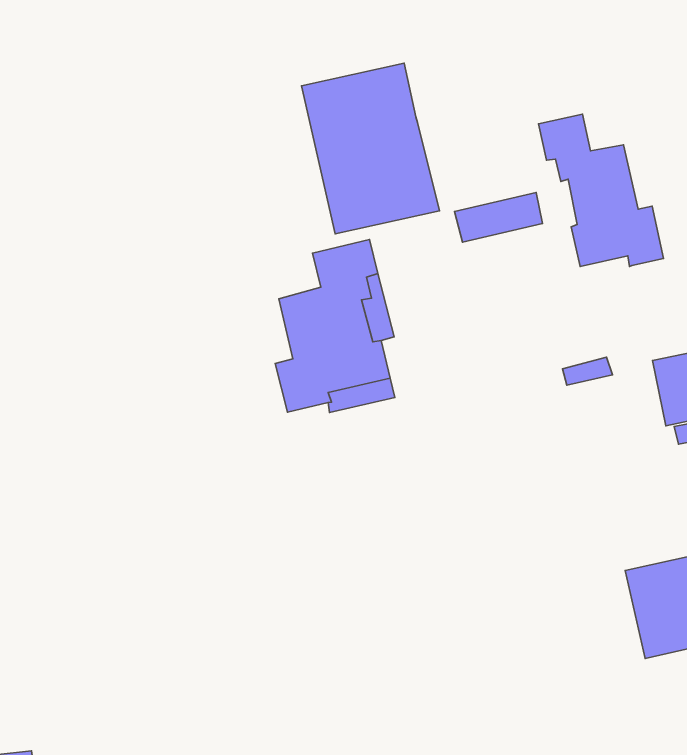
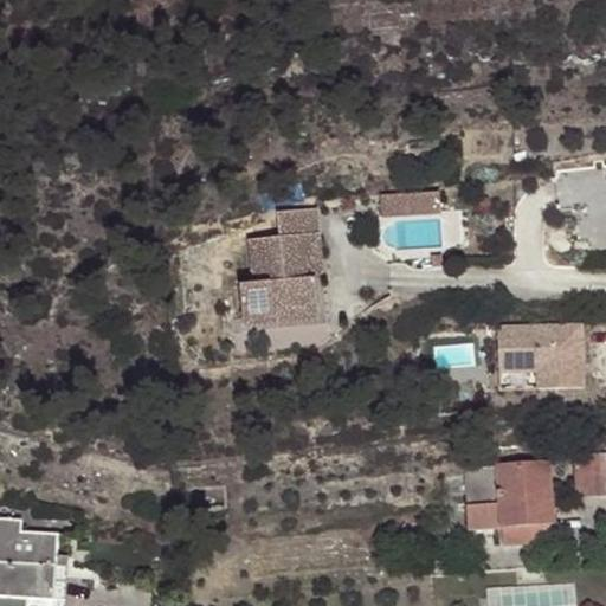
building: [302,63,440,234] -> none
building: [539,114,663,267] -> none

